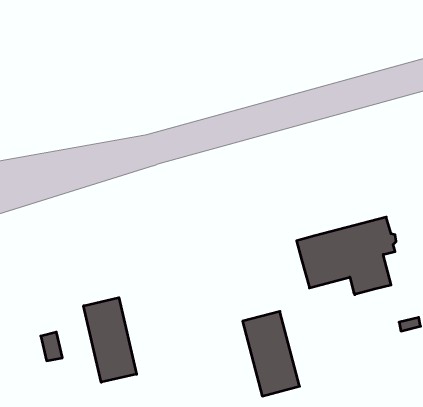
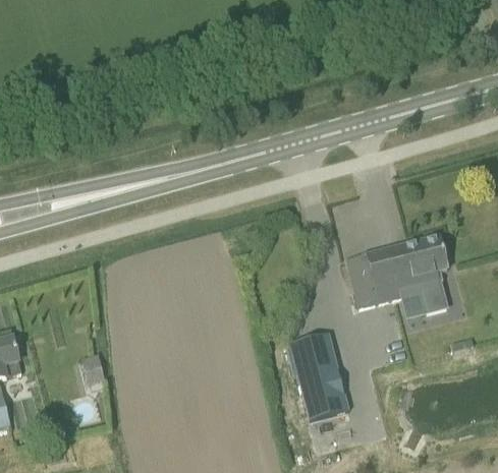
building: [84,298,137,382] -> none

